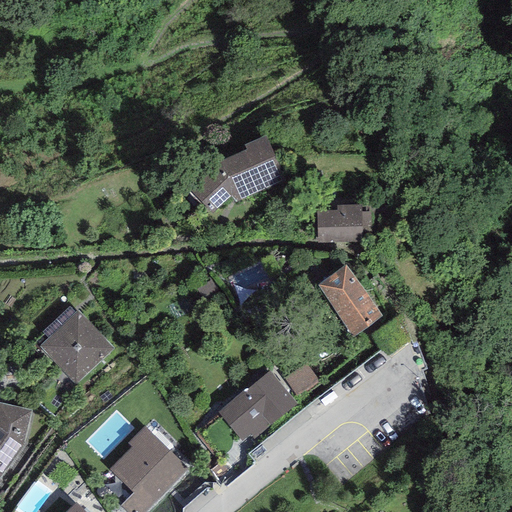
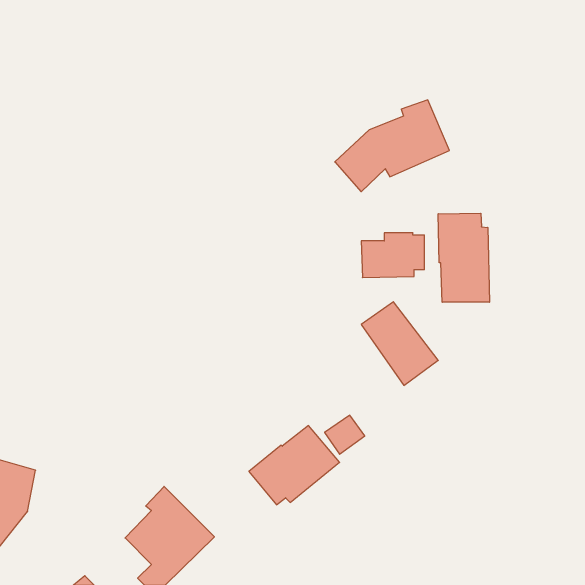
building: [186,135,286,215] -> [335,100,449,192]
building: none -> [438,213,489,302]
building: [38,309,113,384] -> none

